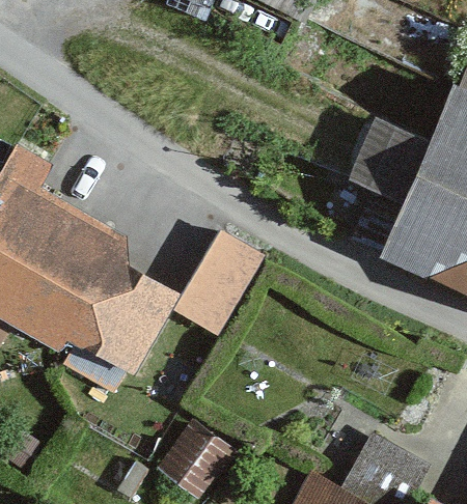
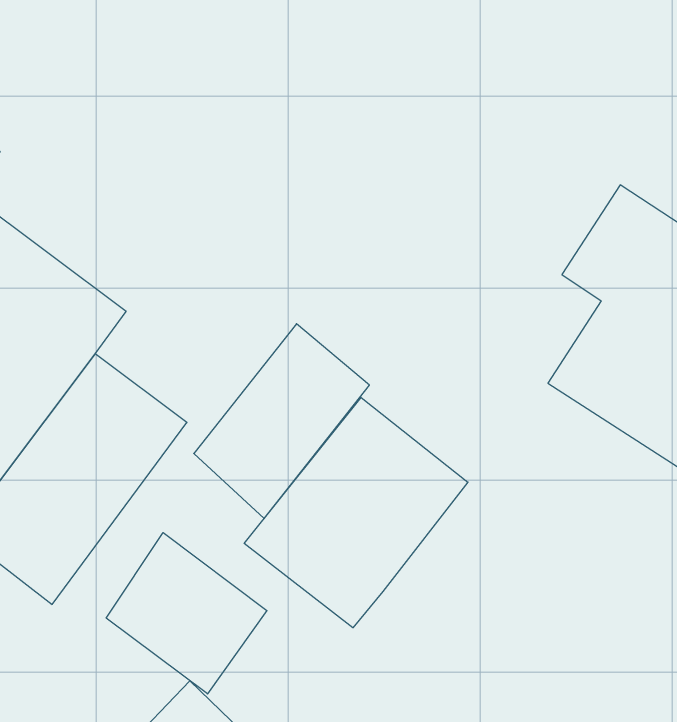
building: none -> [244,397,468,628]
building: none -> [106,533,267,694]

